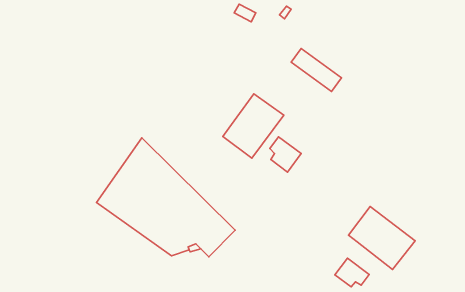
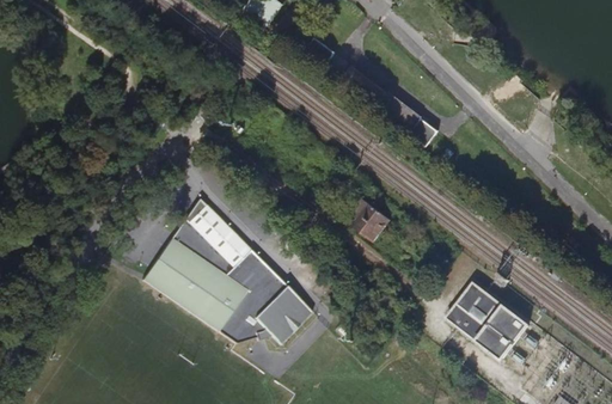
building: [223,94,284,158] -> none
building: [335,258,369,287] -> none

